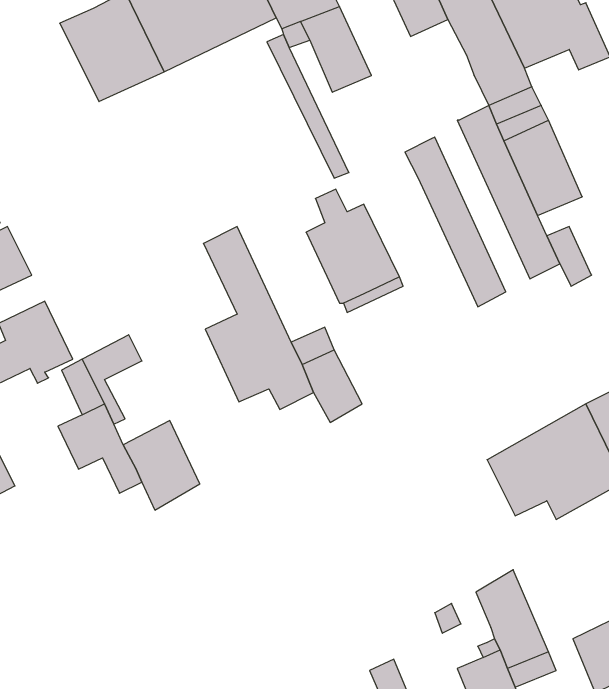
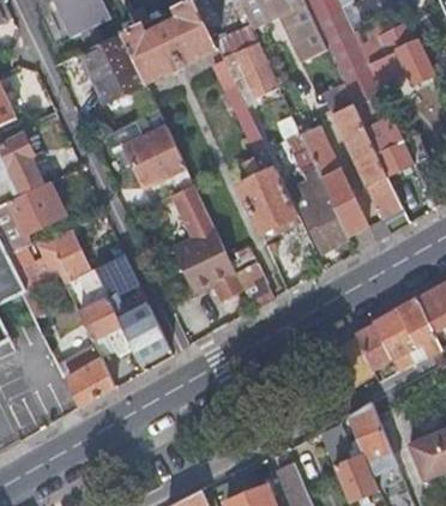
building: none -> [102,109,185,186]
building: none -> [295,152,348,248]
building: none -> [65,344,114,408]

